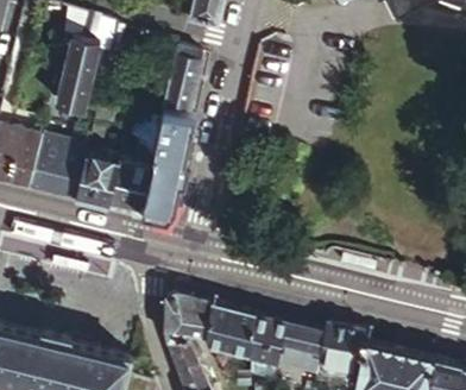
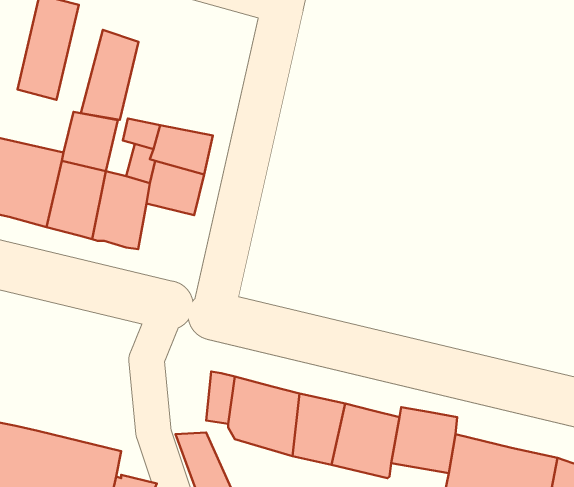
building: [163,48,203,111] -> [81,30,138,120]
building: [141,183,181,222] -> none
building: [165,297,193,345] -> none

